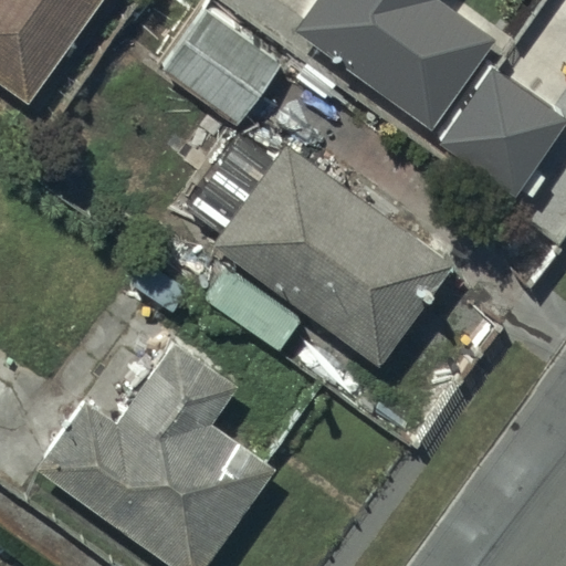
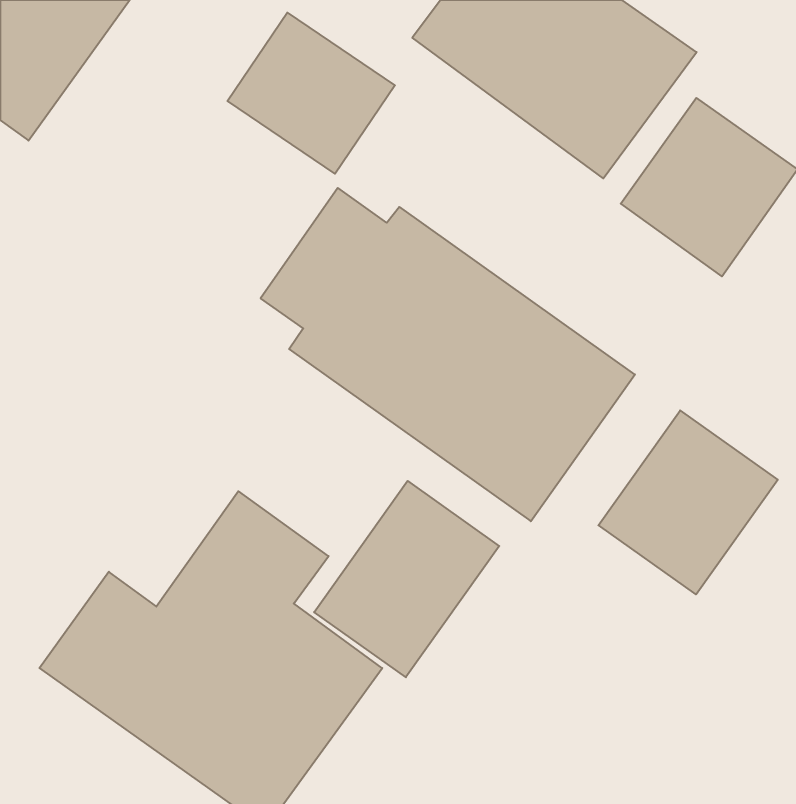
building: none -> [598,410,778,594]
building: none -> [314,481,499,677]

